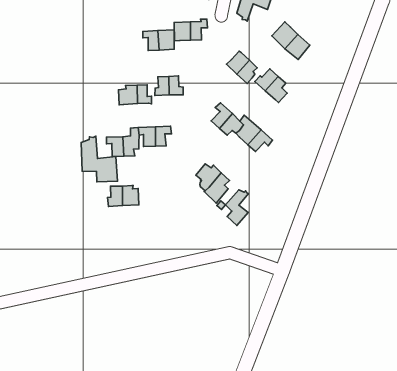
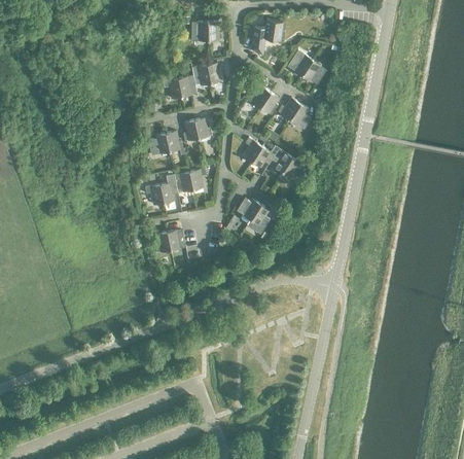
building: [81,136,117,182] -> none
building: [226,190,249,225] -> none

